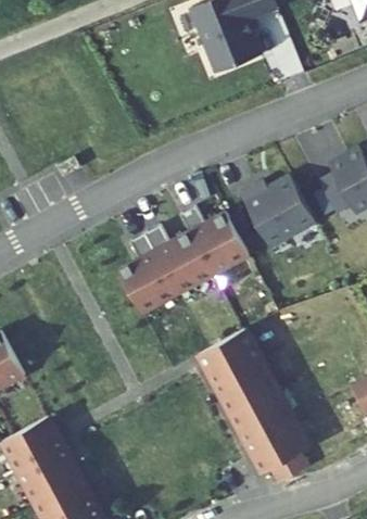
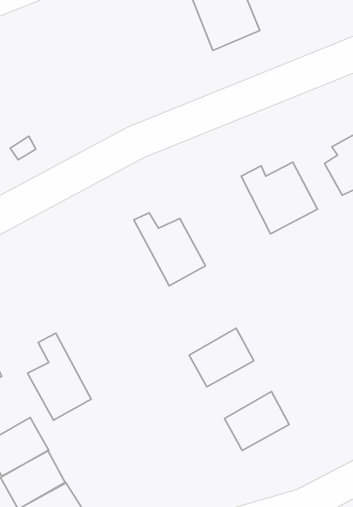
building: [187,203,257,274] -> none
building: [128,231,187,312] -> [28,333,91,420]
building: [223,362,282,416] -> none
building: [251,417,316,484] -> none

